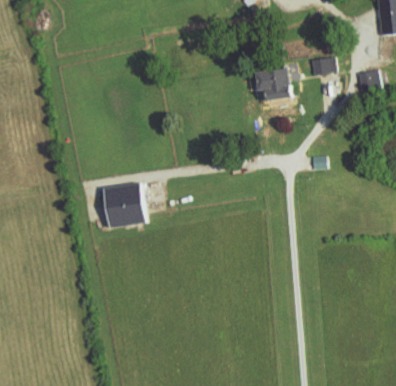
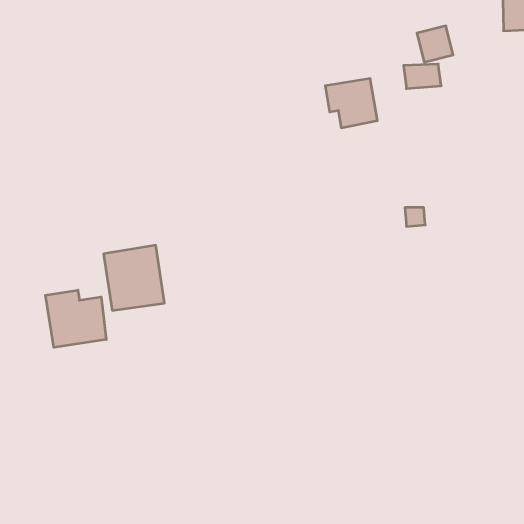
building: [356,68,381,93] -> [417,26,453,62]
building: none -> [45,290,106,347]

